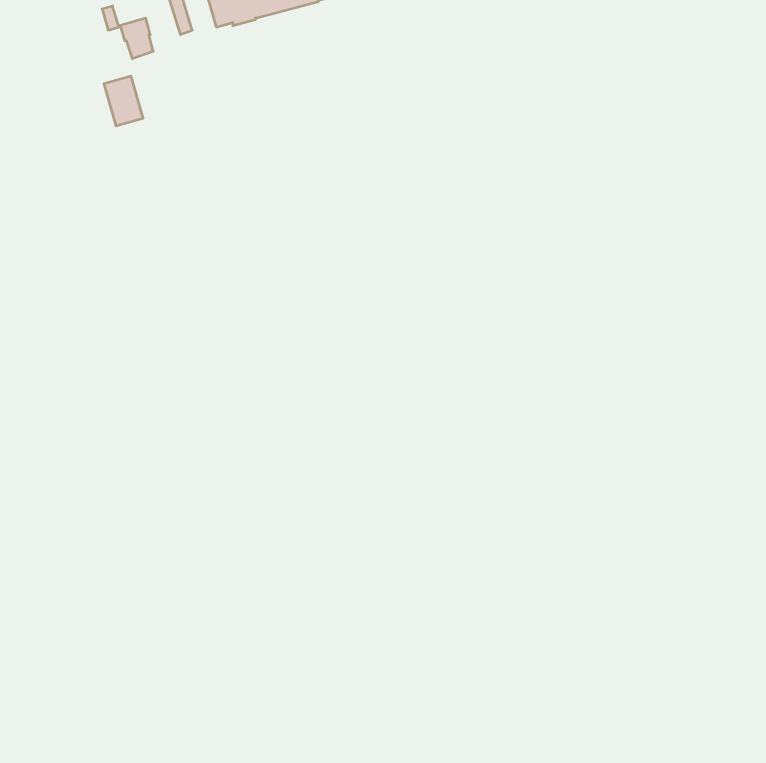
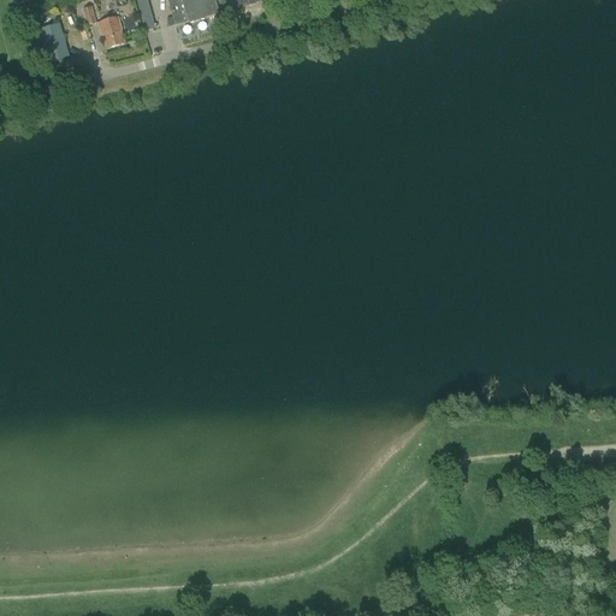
building: [104,76,143,126] -> [37,20,69,60]

